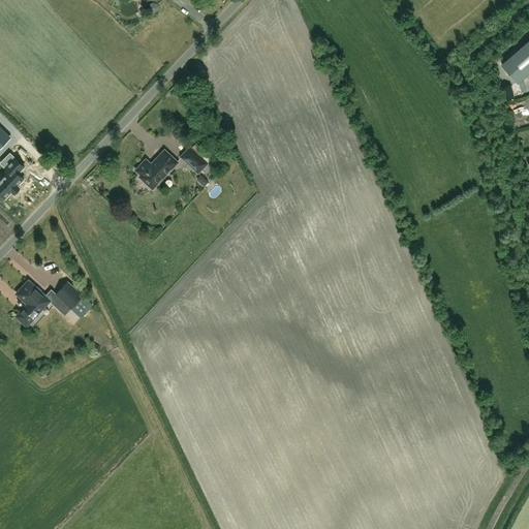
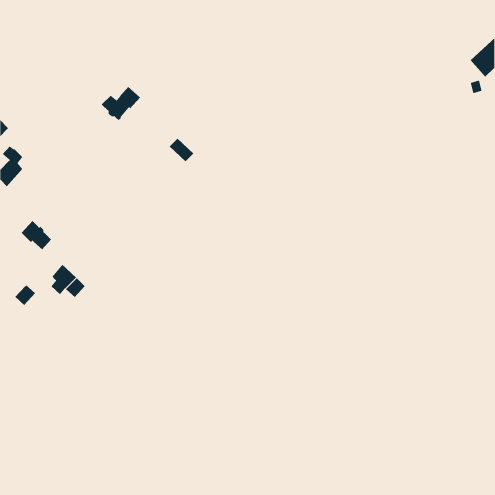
building: [134,151,177,188] -> [101,86,141,121]
building: [15,281,49,313] -> [21,220,52,250]

